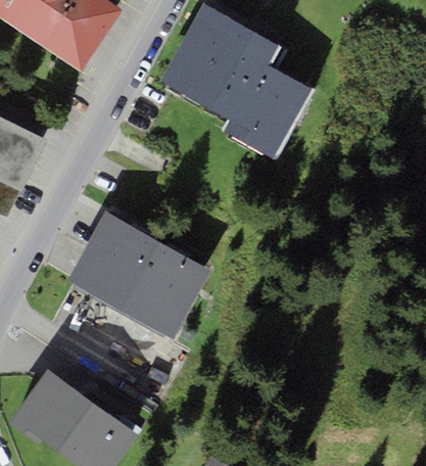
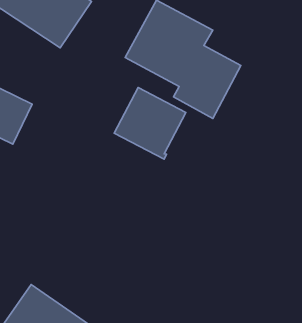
building: none -> [114,88,186,159]
building: [67,215,209,338] -> none

